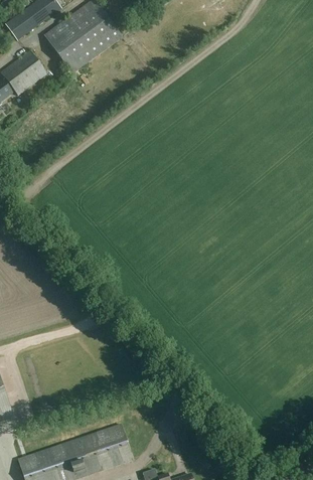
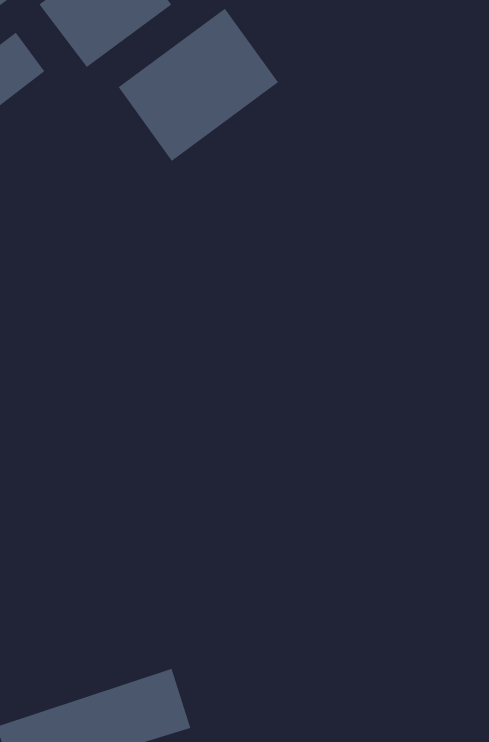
building: none -> [118,8,279,162]

